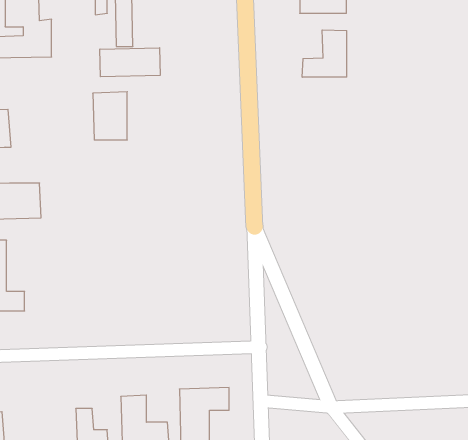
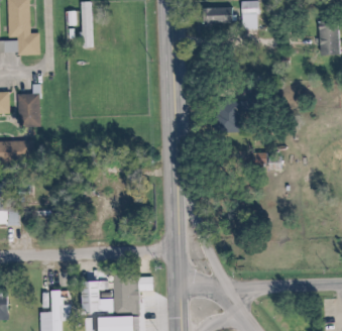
building: [302,30,347,77] -> none
building: [100,48,160,77] -> none
building: [93,92,127,140] -> [15,93,38,125]
building: none -> [219,102,250,136]

